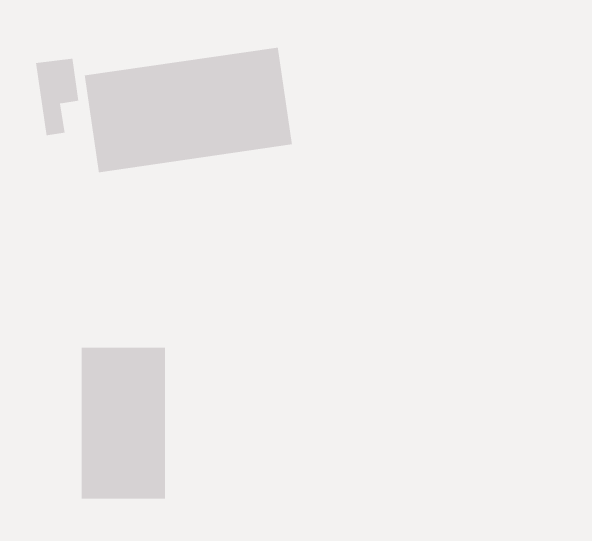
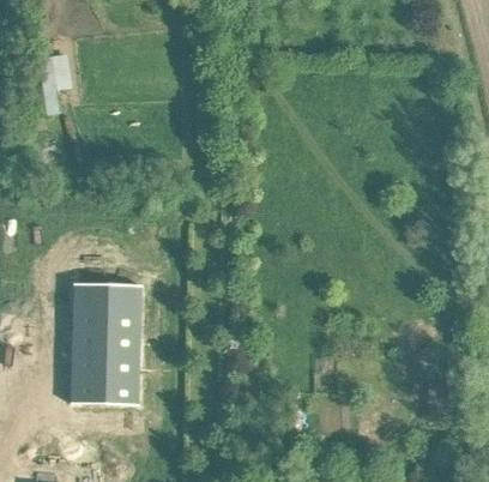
building: [84,47,293,173] -> none

